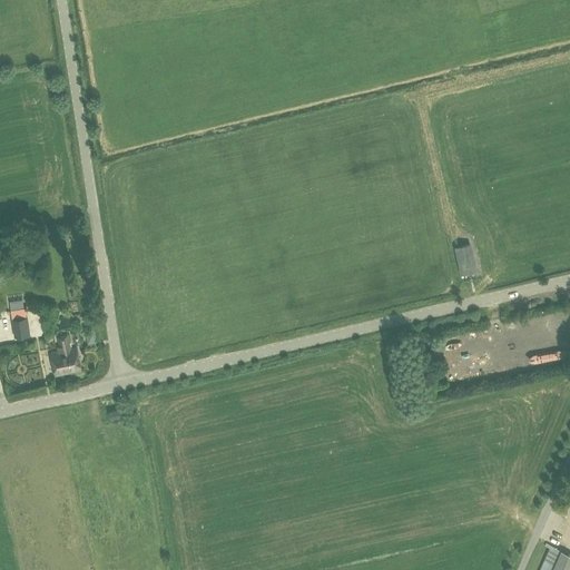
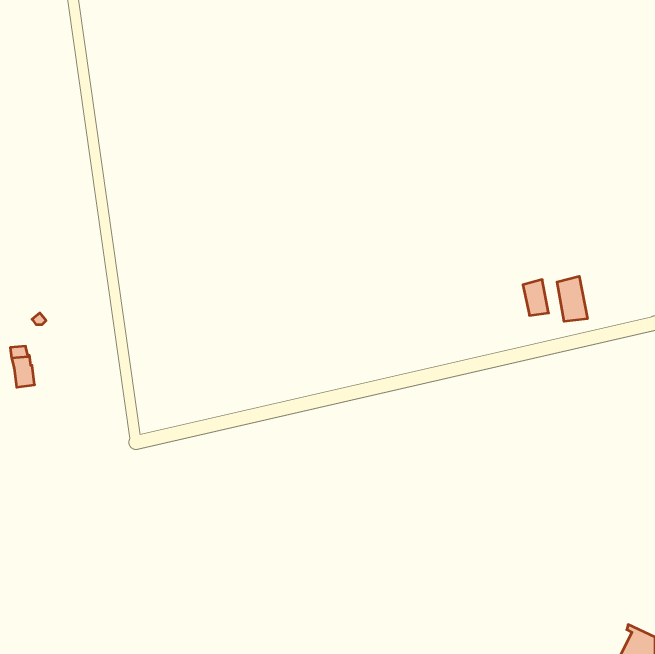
building: none -> [557,276,587,321]
building: [50,336,81,376] -> none

